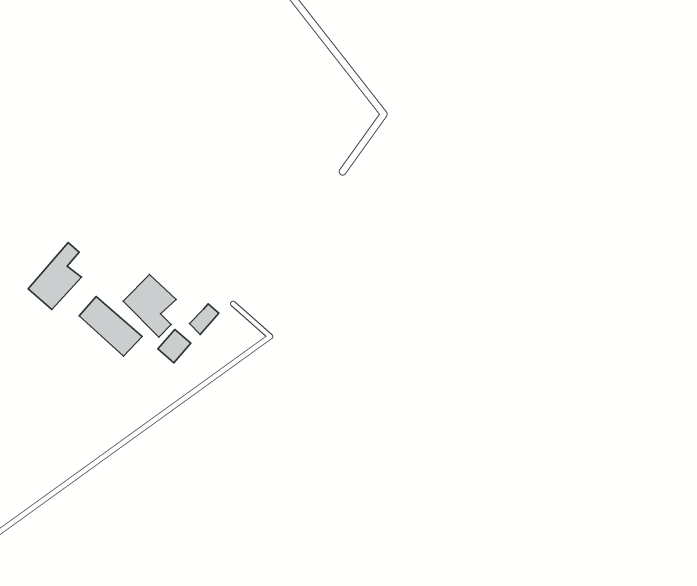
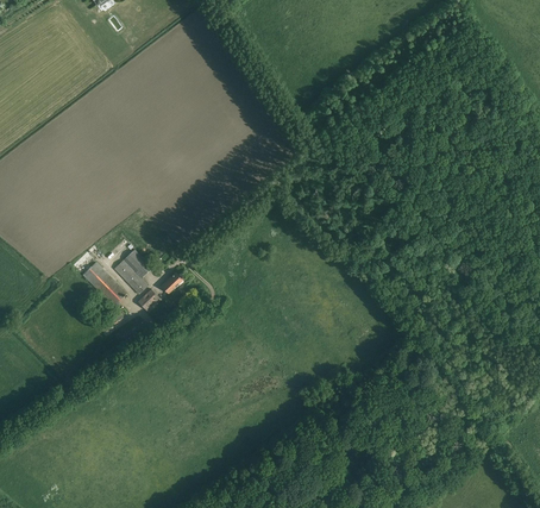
building: [28,243,81,309] -> none

